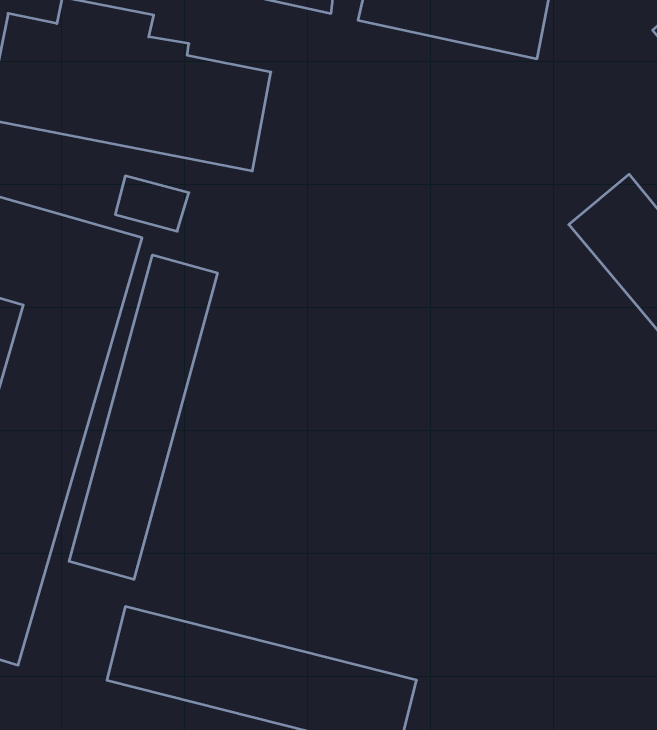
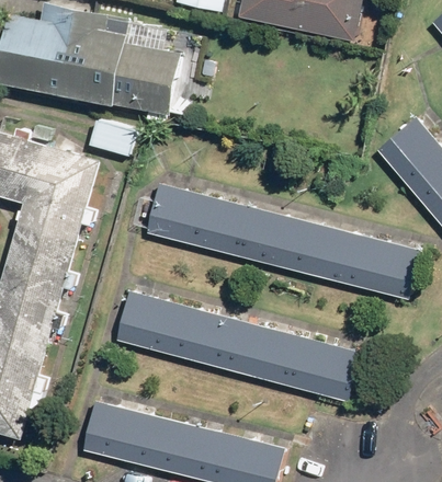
building: [69,255,217,579] -> none
building: none -> [139,182,423,299]
building: none -> [110,289,354,401]

